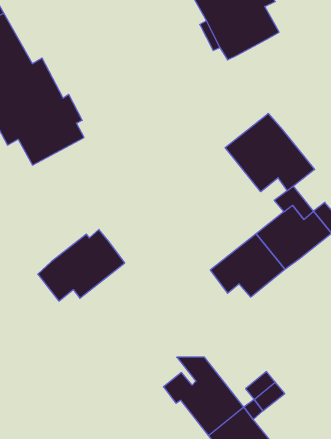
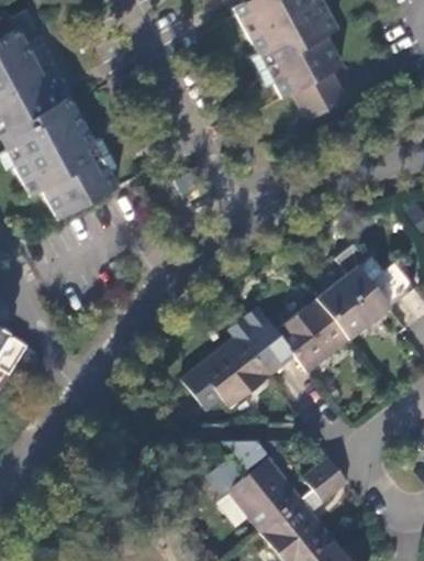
building: none -> [293,73,347,122]
building: [225,113,315,192] -> none
building: [38,229,125,301] -> [182,329,282,411]

